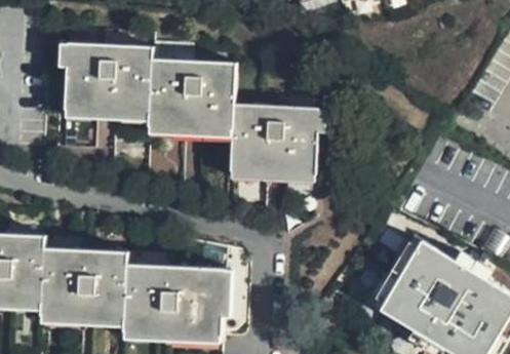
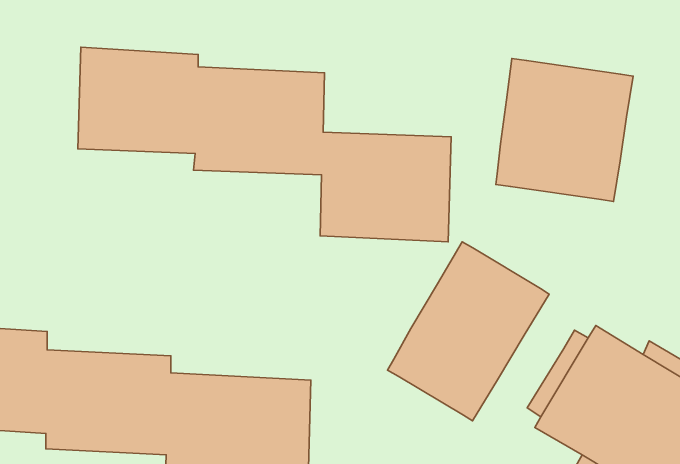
building: none -> [496,59,633,201]
building: none -> [387,242,549,421]

